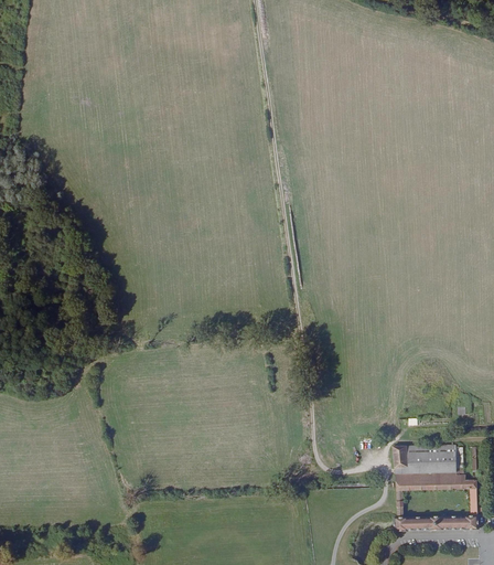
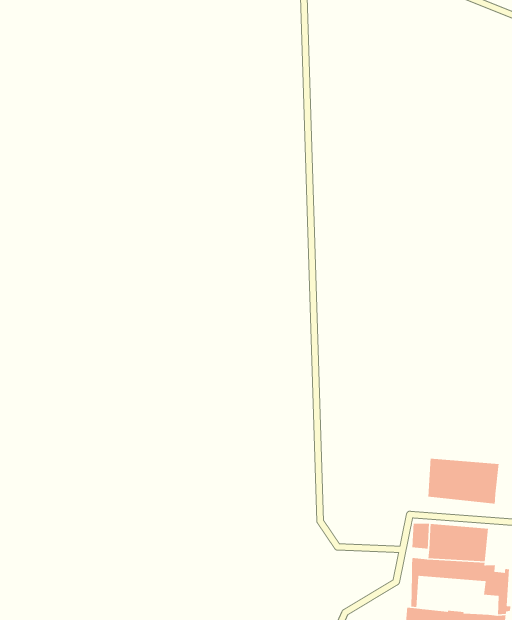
building: none -> [428,458,500,504]

